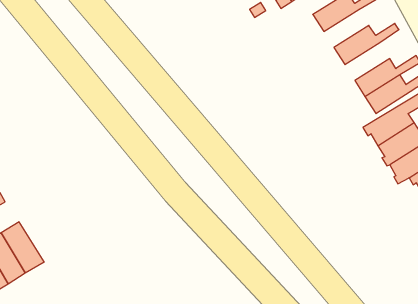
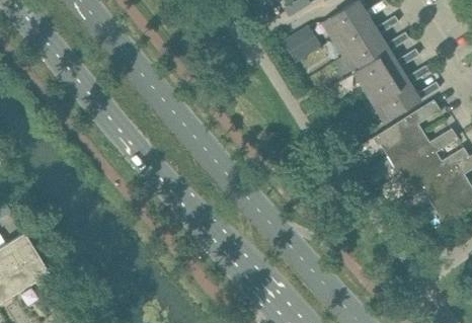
building: none -> [332,15,398,56]
building: none -> [282,25,320,62]
building: none -> [353,48,419,89]

